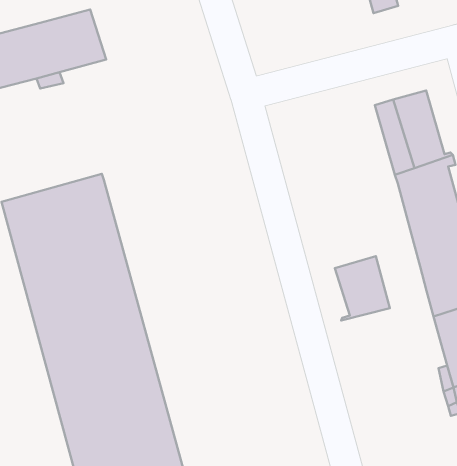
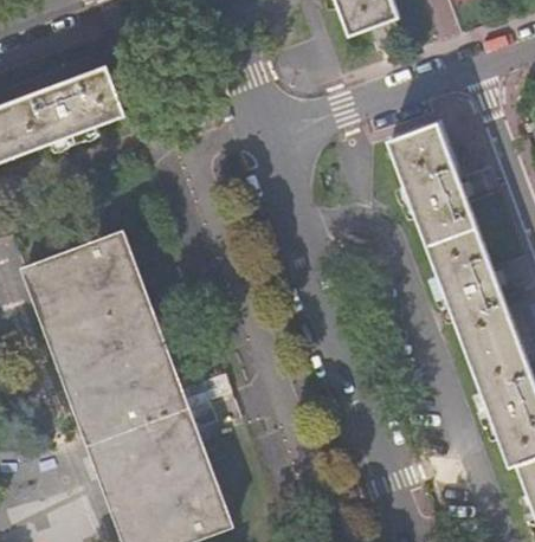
building: [335,256,390,320] -> none

